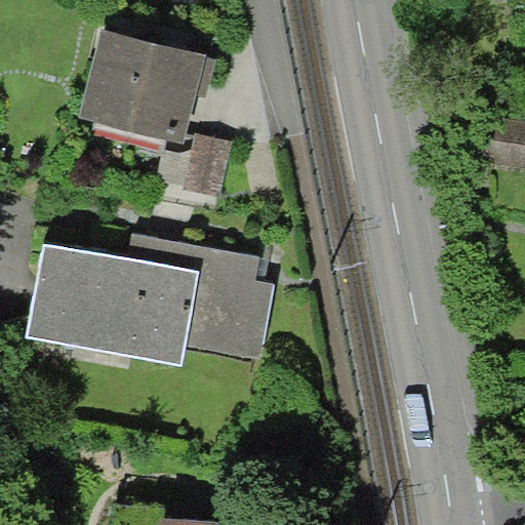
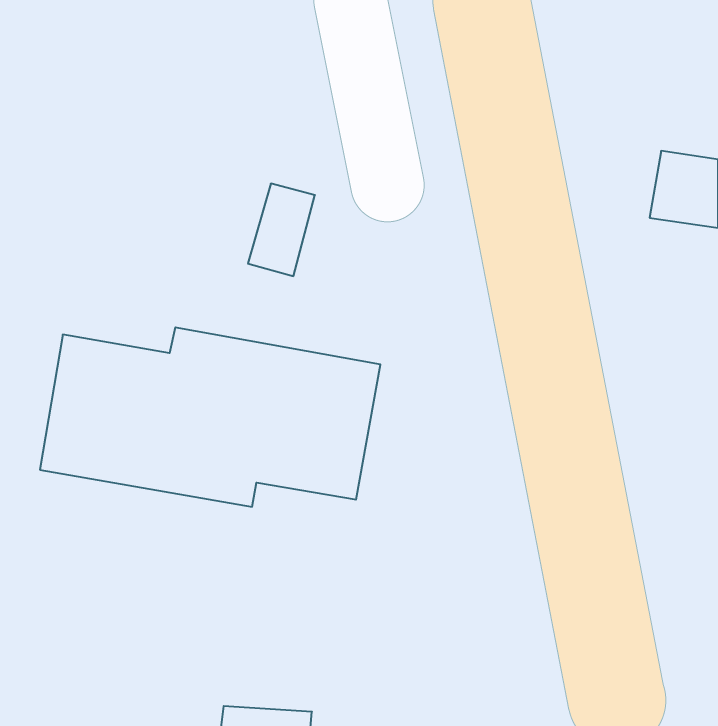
building: [78,33,208,144] -> none

